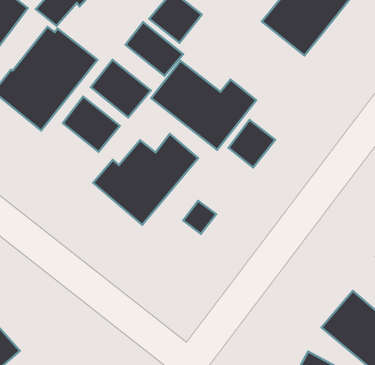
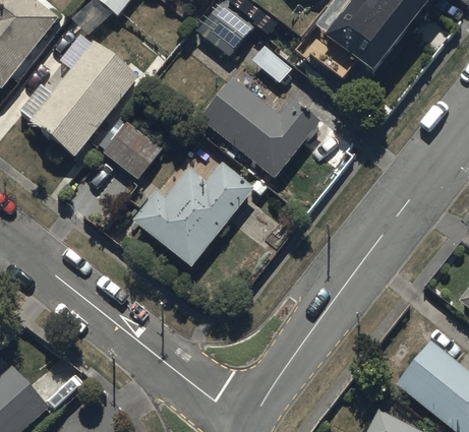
building: [126,22,183,76] -> none
building: [91,60,151,117] -> none
building: [229,120,275,167] -> none

